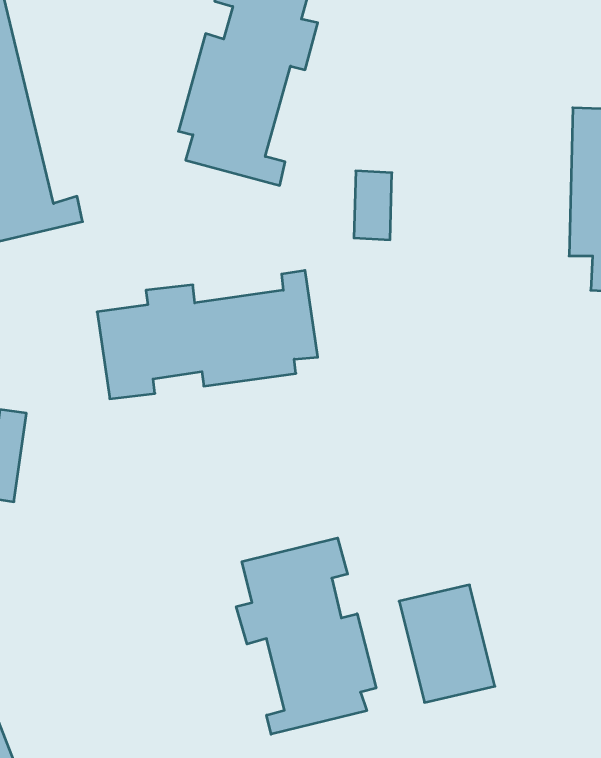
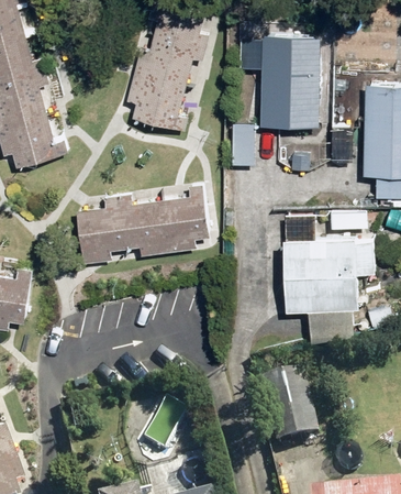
building: none -> [260,34,319,125]
building: none -> [283,235,376,342]
building: [236,538,376,734] -> none

